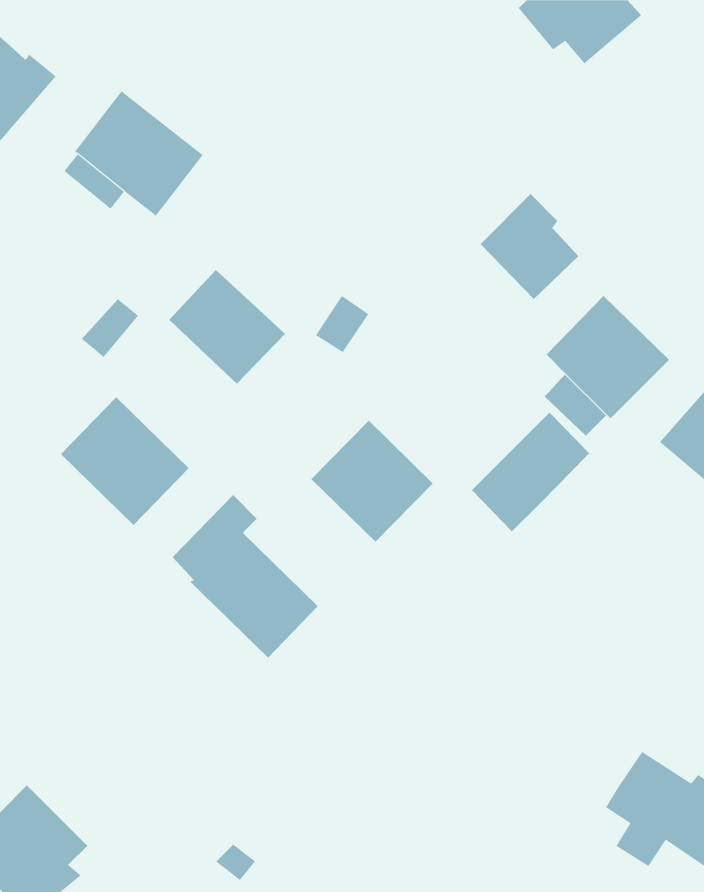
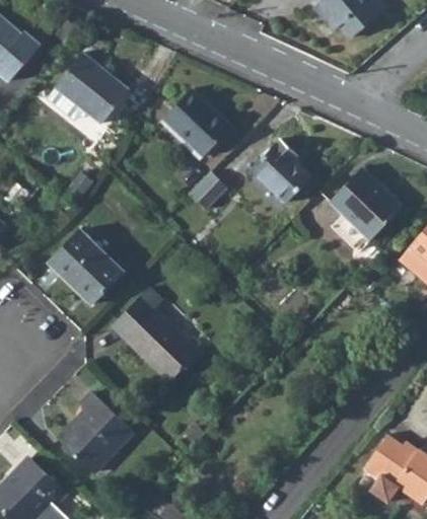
building: [480,193,579,300] -> [250,144,307,206]
building: [169,269,286,385] -> [165,90,233,157]
building: [471,412,590,532] -> none
building: [311,420,434,543] -> none
building: none -> [57,388,132,470]

